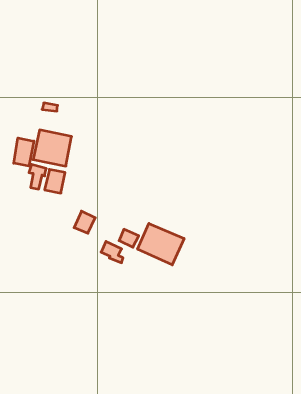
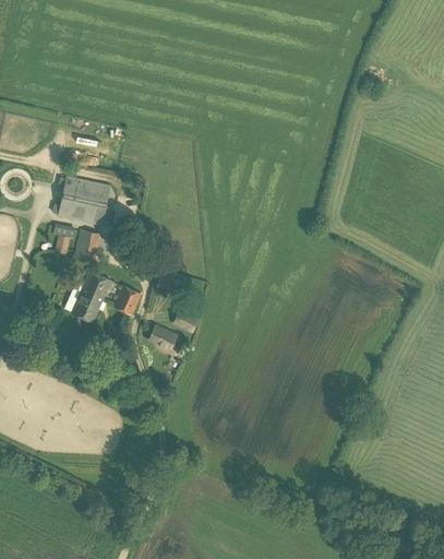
building: [14,138,34,166] -> none
building: none -> [72,271,111,322]
building: [138,223,184,265] -> none

